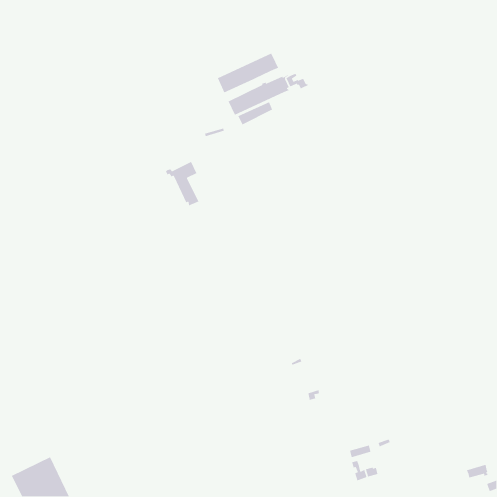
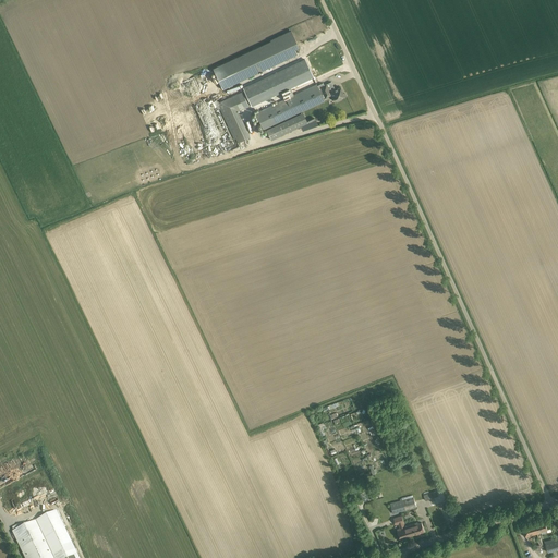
building: none -> [213,31,299,89]
building: [165,161,199,207] -> [211,92,250,143]

